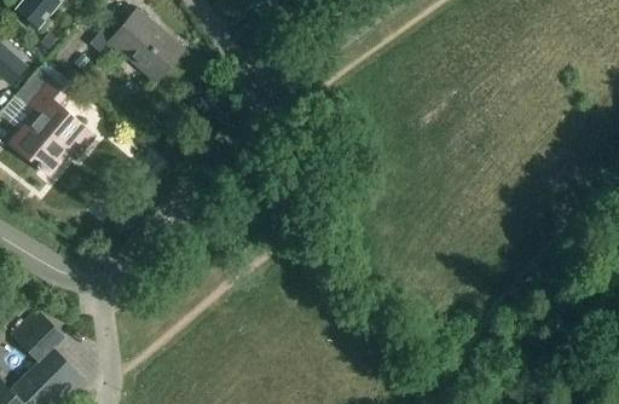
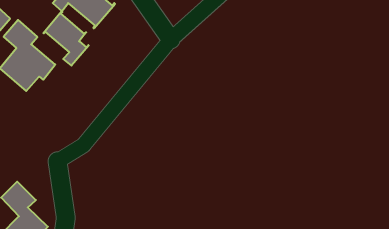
building: none -> [44,11,89,66]

